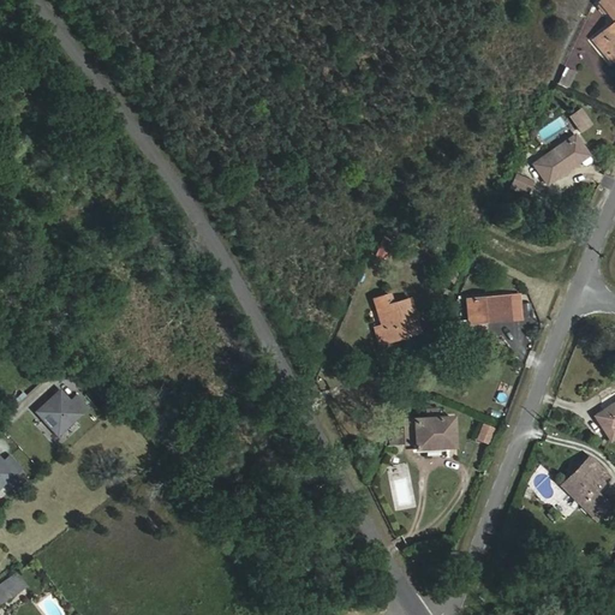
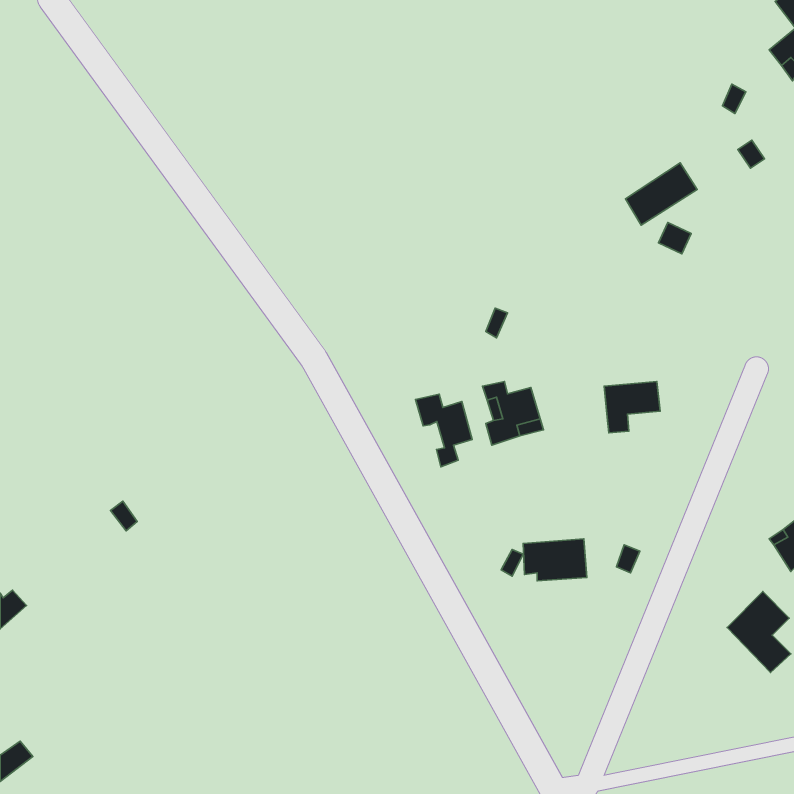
building: [533,135,589,183] -> [626,163,697,225]
building: none -> [416,394,472,467]
building: [37,390,88,434] -> none

